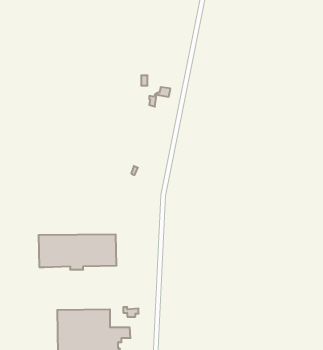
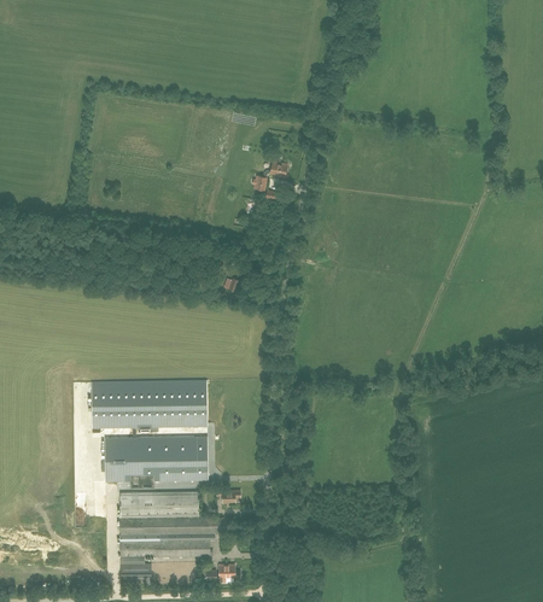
building: none -> [104,434,206,486]

